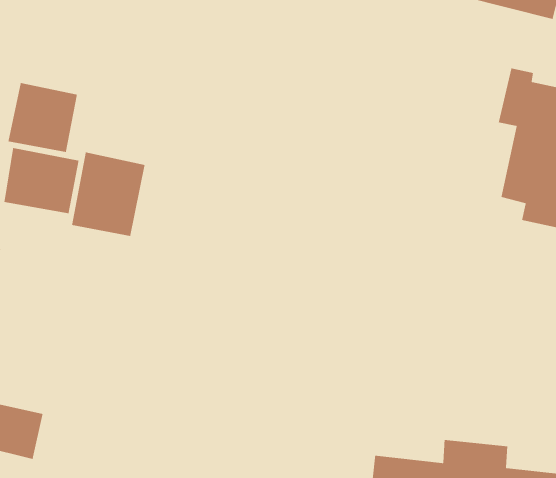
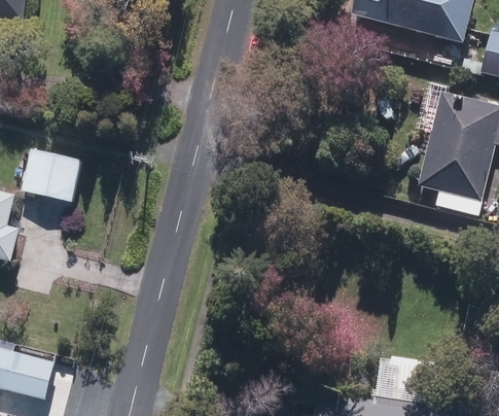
building: [8,82,78,153] -> none
building: [71,151,146,237] -> none

